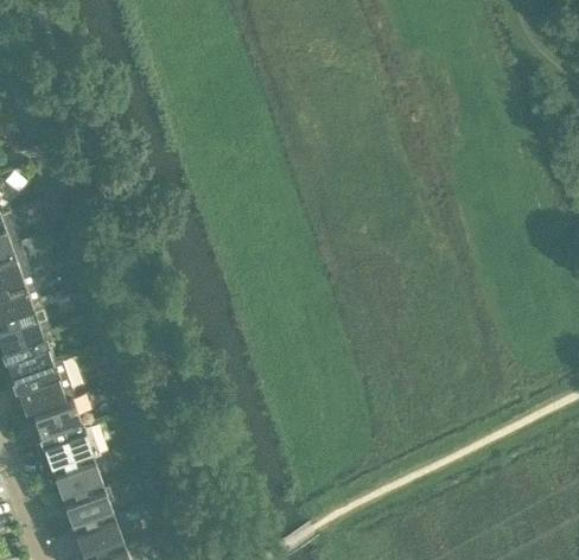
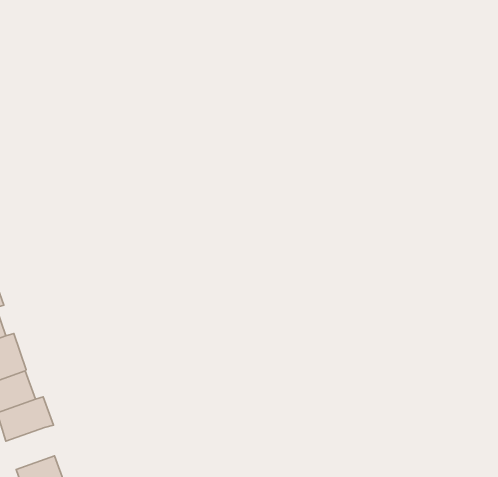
building: [51,460,102,504] -> none

